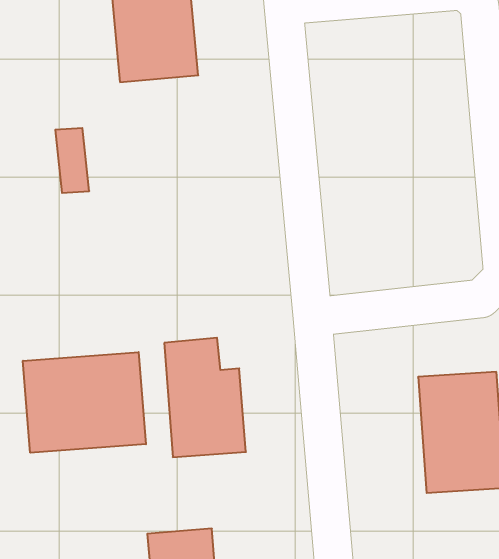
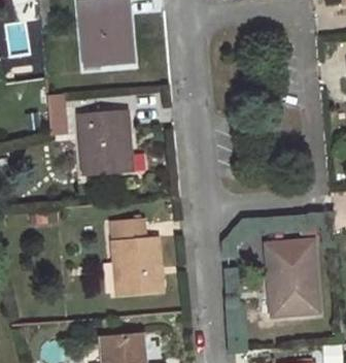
building: none -> [80,111,131,175]
building: [23,352,146,453] -> none

